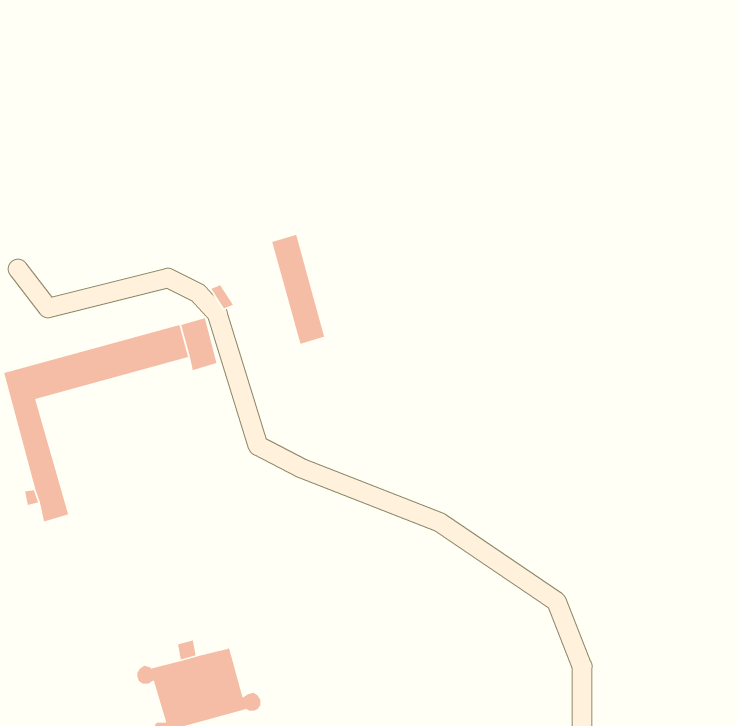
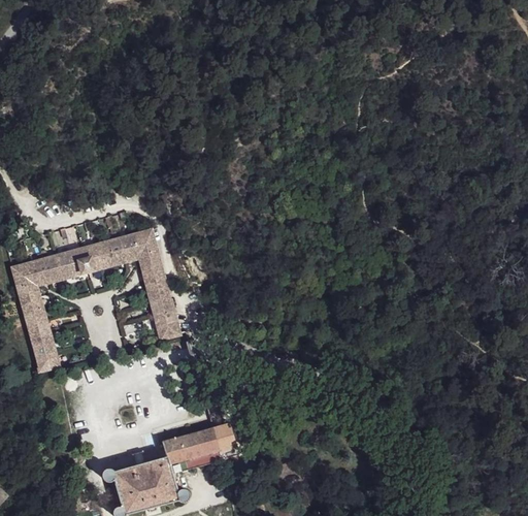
building: [271,234,325,345] -> [141,261,178,337]
building: none -> [162,424,227,463]

